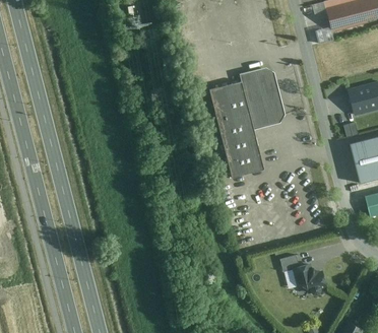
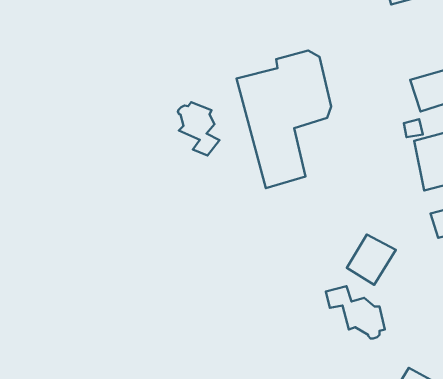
building: none -> [178,102,219,155]
building: none -> [347,234,396,285]

